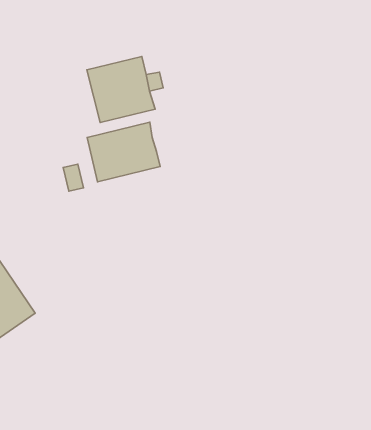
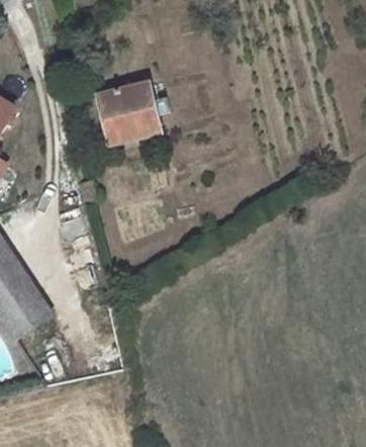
building: [87,122,160,182] -> none

